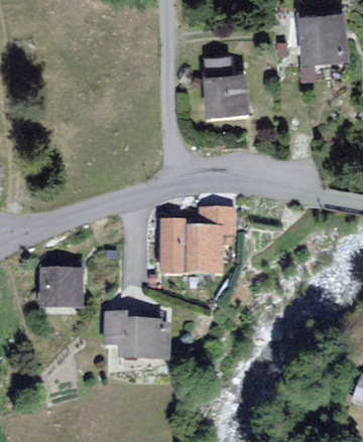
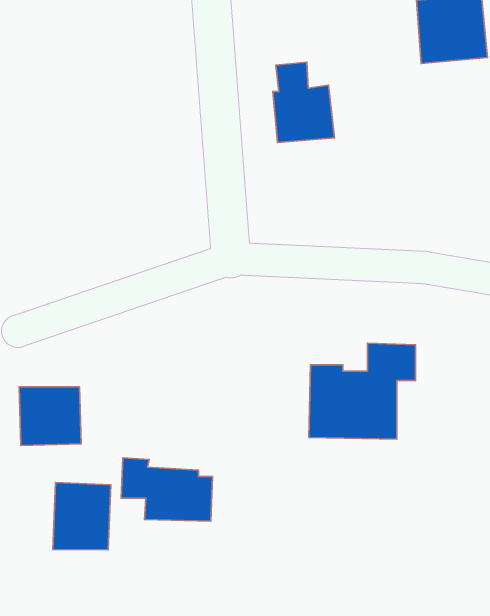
building: [162,209,232,272] -> [309,343,415,439]
building: none -> [53,483,111,550]

